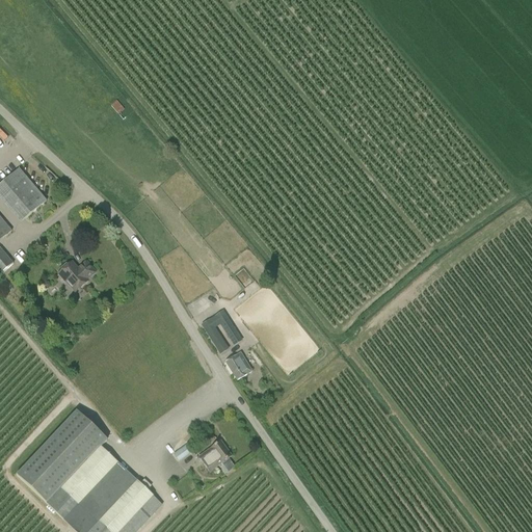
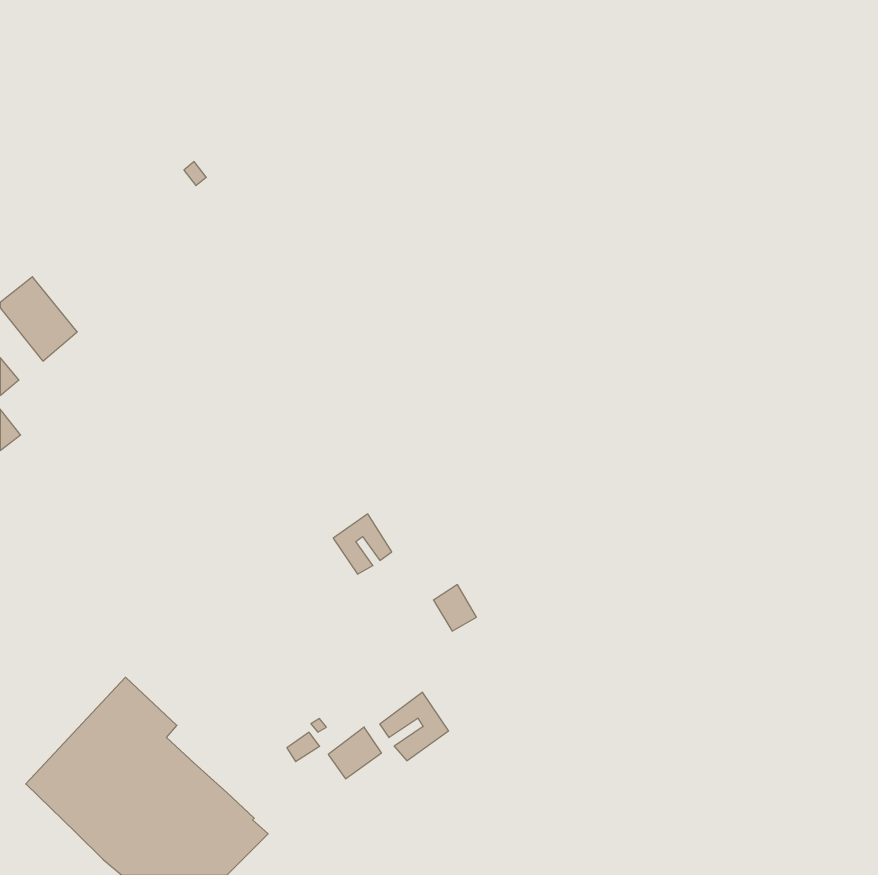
building: [58,260,96,291] -> none
building: [225,351,251,379] -> [433,585,476,631]
building: none -> [380,692,449,761]

